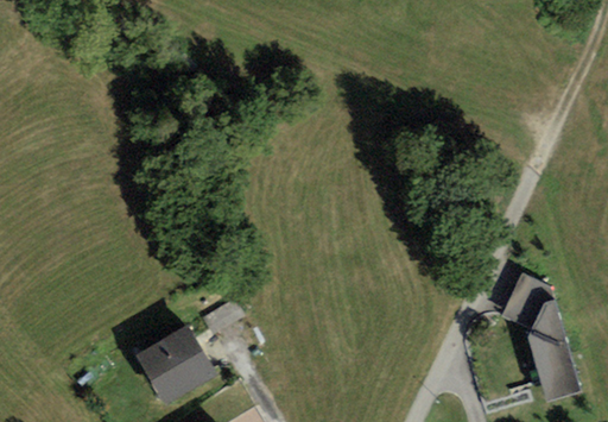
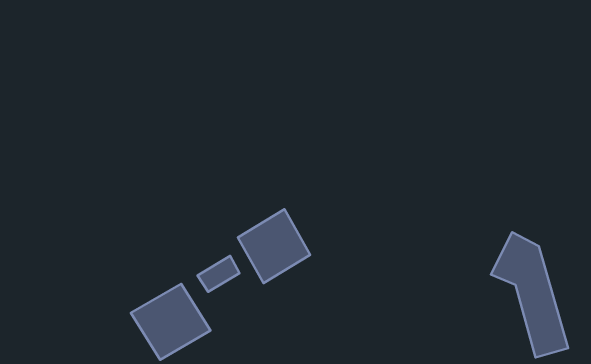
building: none -> [238,209,310,283]

